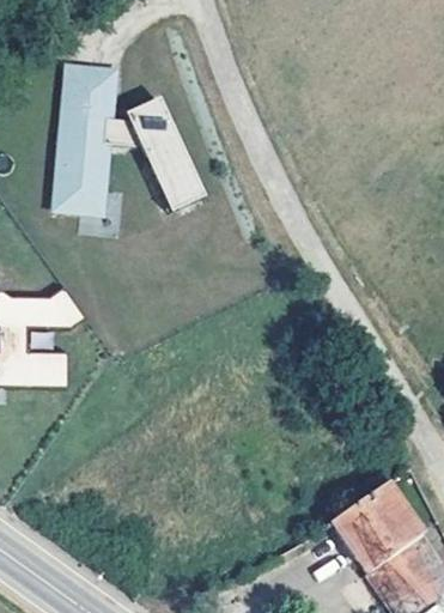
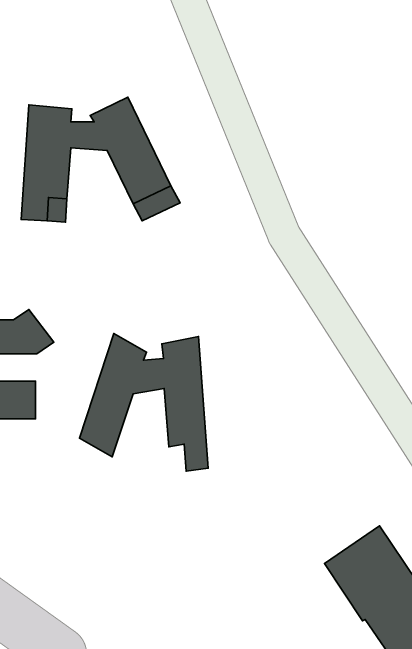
building: [63,67,105,102] -> none
building: none -> [80,334,208,471]

